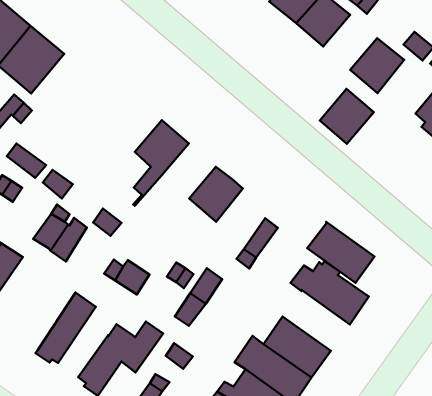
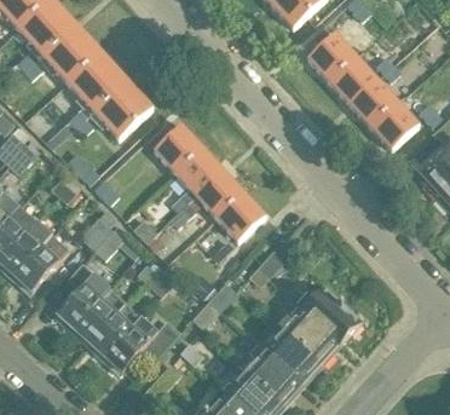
building: none -> [94,80,152,138]
building: [320,89,374,144] -> [350,79,397,126]
building: none -> [156,126,203,172]
building: none -> [171,171,244,225]
building: [307,222,375,283] -> [284,309,341,364]
building: none -> [52,261,110,330]
building: none -> [87,302,133,361]

